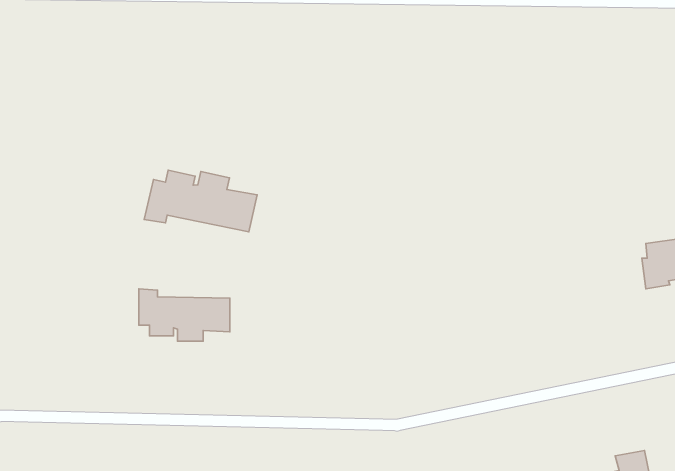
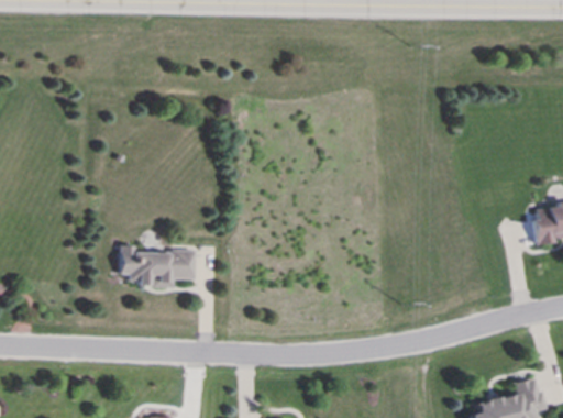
building: [144,170,257,232] -> none

